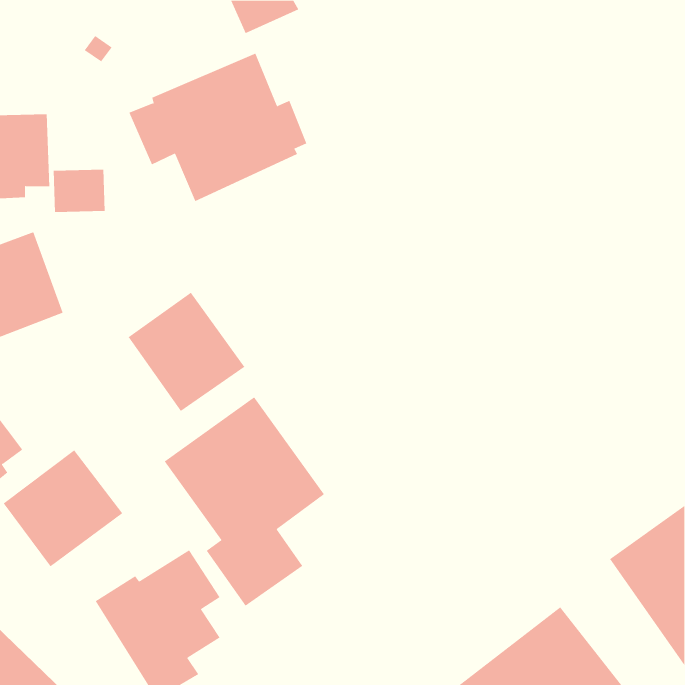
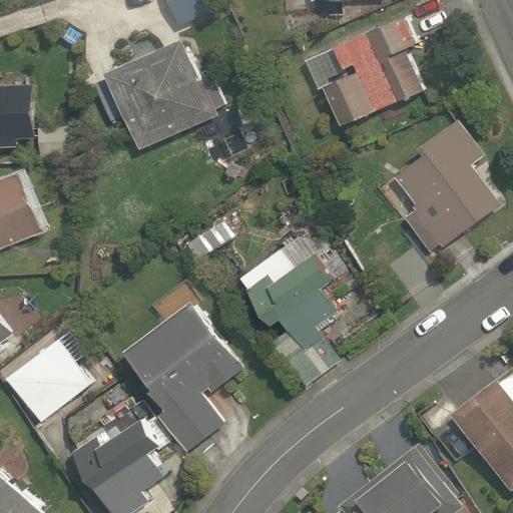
building: none -> [301,11,423,124]
building: none -> [388,115,499,260]
building: [128,292,245,412] -> none
building: none -> [238,223,348,390]

